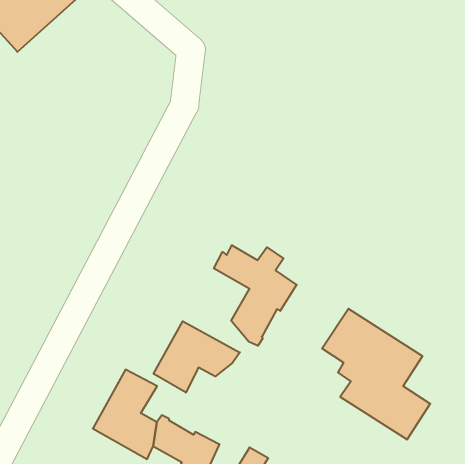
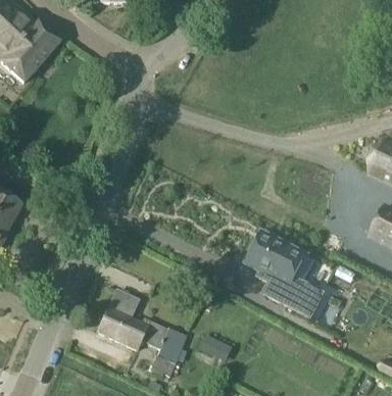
building: [214,245,297,346] -> none
building: [154,321,240,393] -> none

